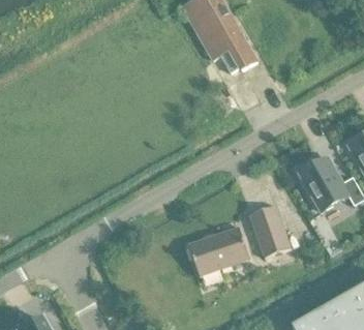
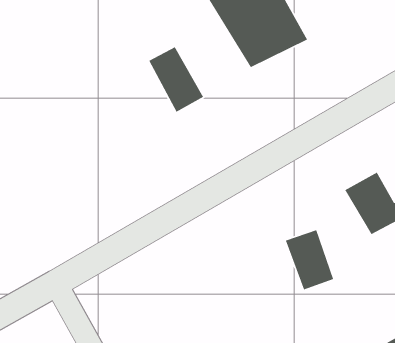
building: none -> [148,46,204,113]
building: [186,227,248,276] -> none

